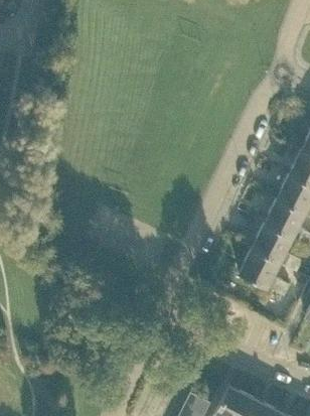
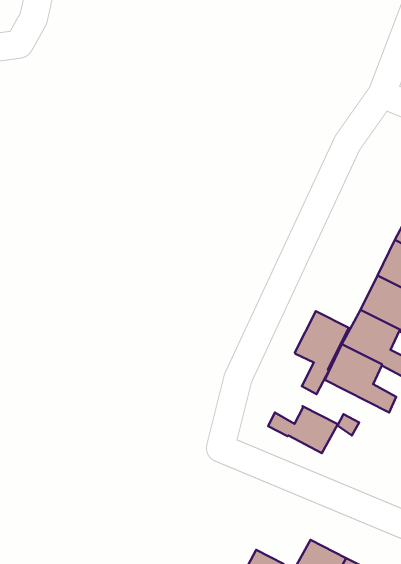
building: none -> [295,311,349,394]
building: none -> [268,406,338,453]

